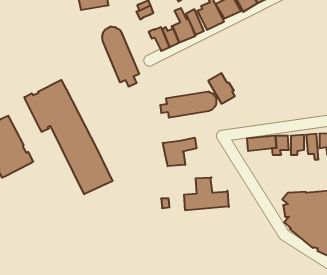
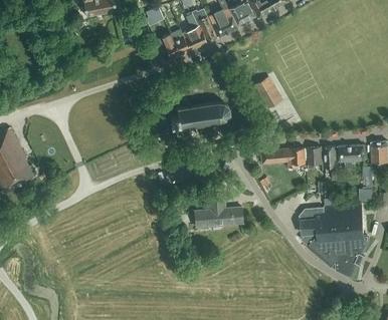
building: [102,26,139,87] -> none
building: [208,73,235,104] -> [253,77,281,109]
building: [24,80,113,194] -> none
building: [163,138,197,166] -> none

